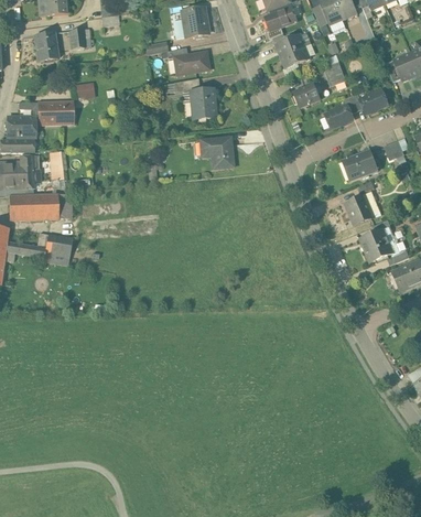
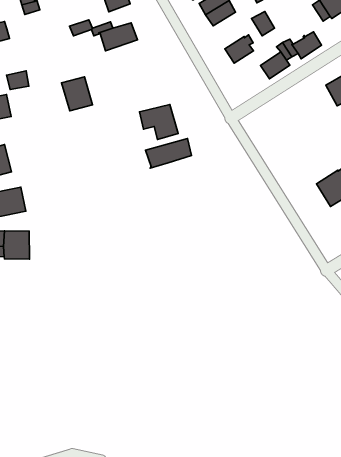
building: [188,88,215,119] -> [62,77,92,111]
building: [342,150,377,176] -> none
building: none -> [146,138,192,168]
building: [346,191,378,226] -> none

